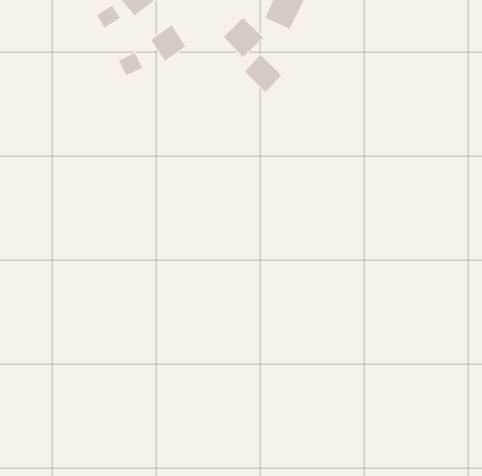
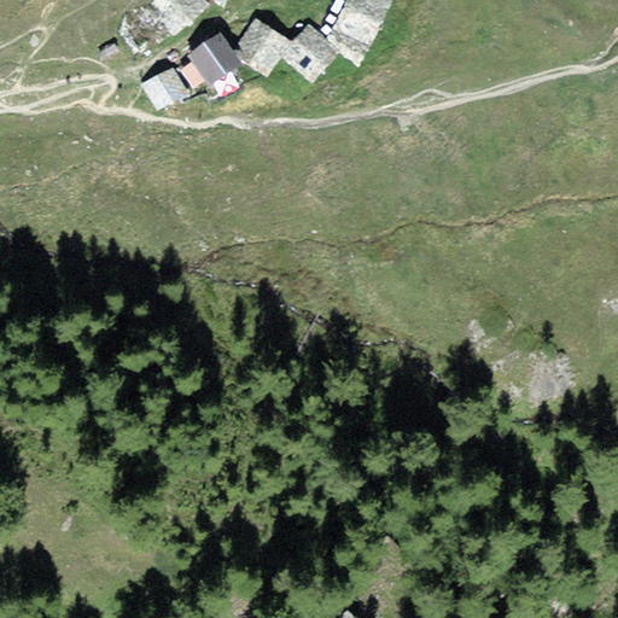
building: none -> [235,17,286,68]
building: [244,54,282,93] -> none

